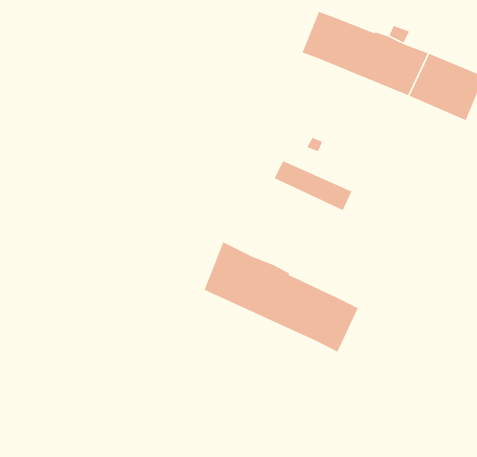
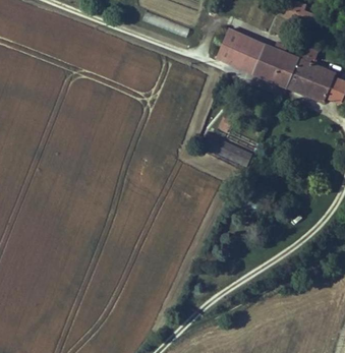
building: [203,241,359,353] -> none

